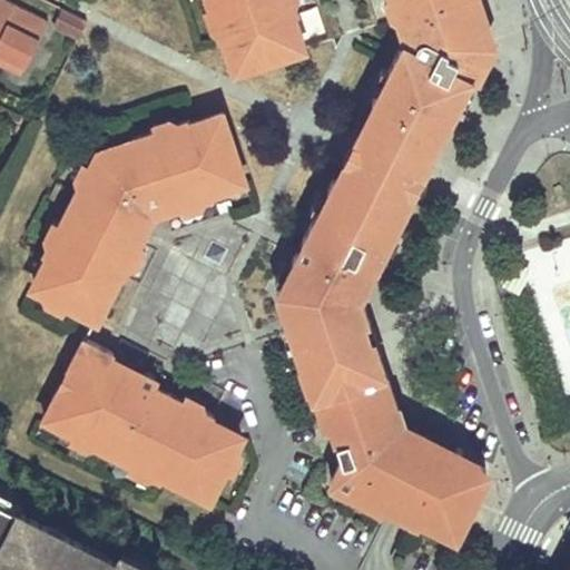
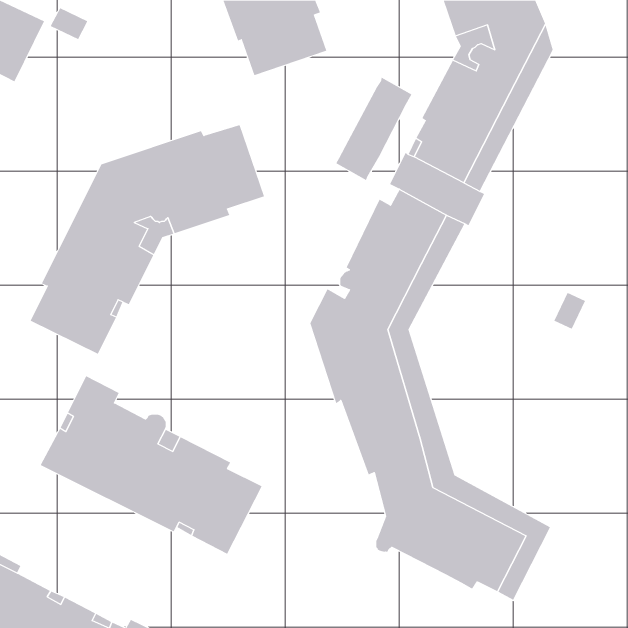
building: none -> [336,77,412,181]

